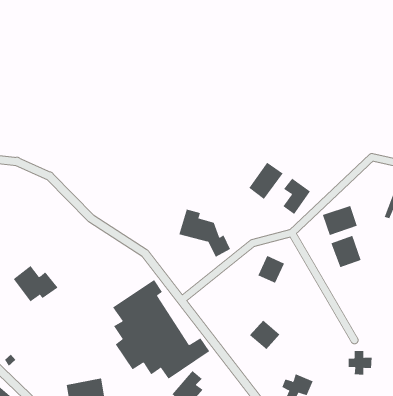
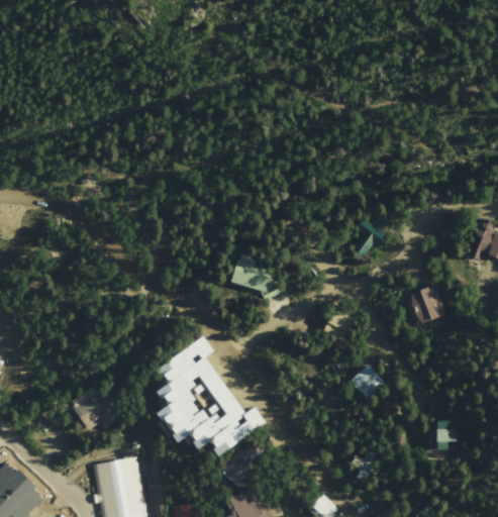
building: [248,162,283,200] -> none
building: [322,205,357,236] -> none
building: [13,265,58,302] -> [69,389,122,432]
building: [249,320,280,350] -> [350,366,386,401]

